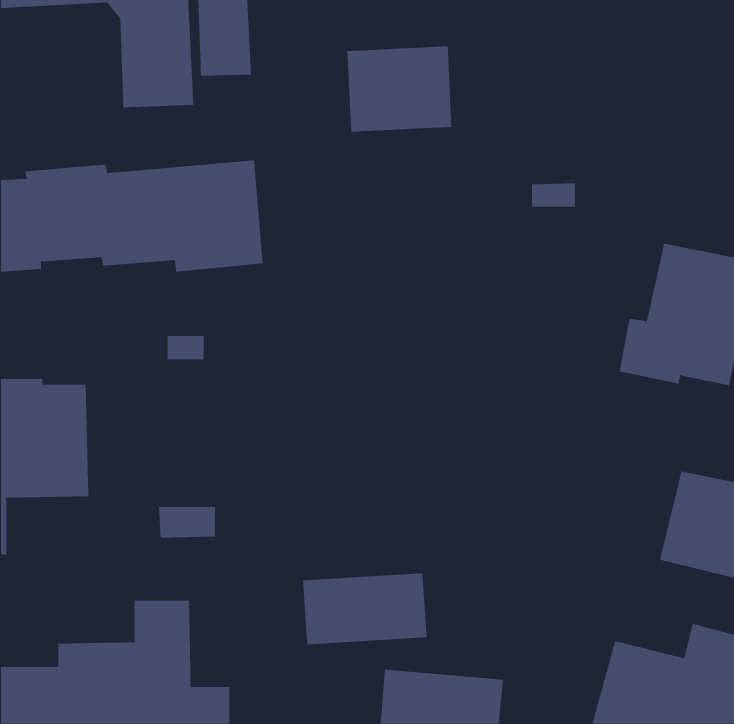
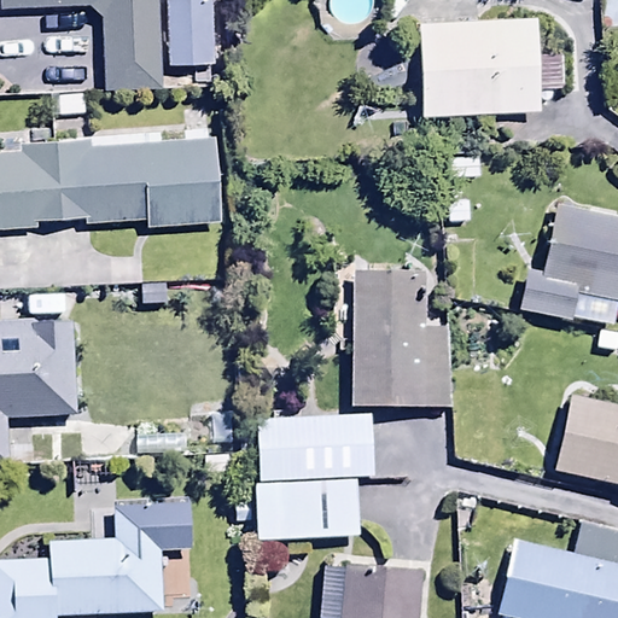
building: none -> [419,17,543,116]
building: [347,45,452,133] -> none
building: none -> [352,274,447,408]
building: none -> [257,415,373,482]

